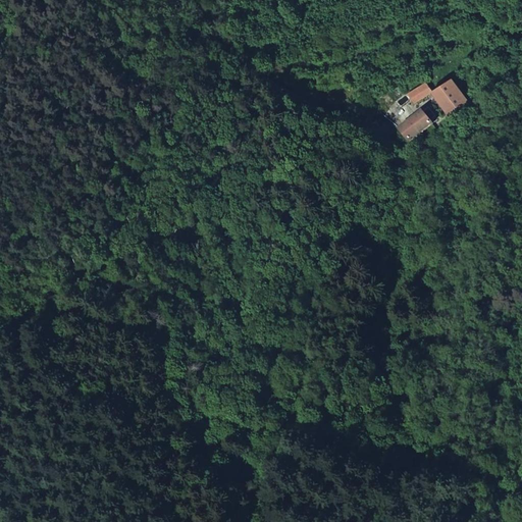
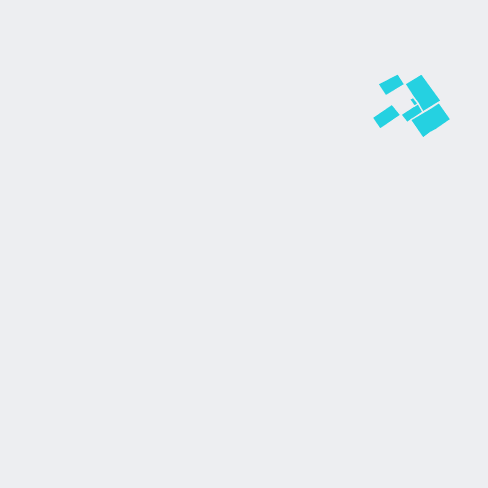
building: none -> [411,103,451,138]

